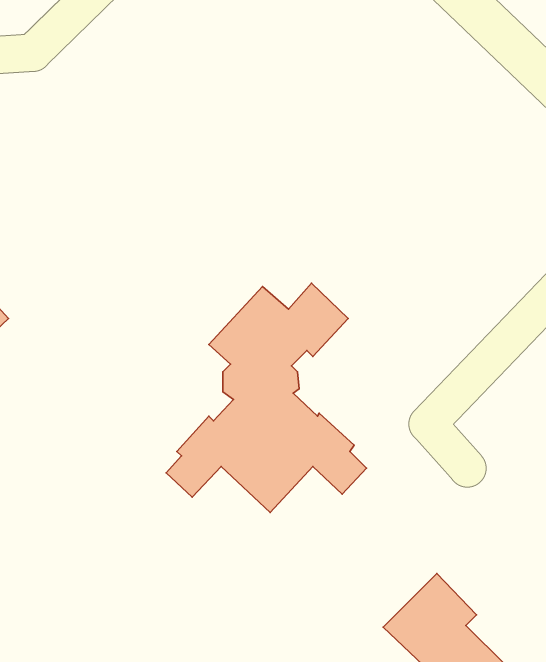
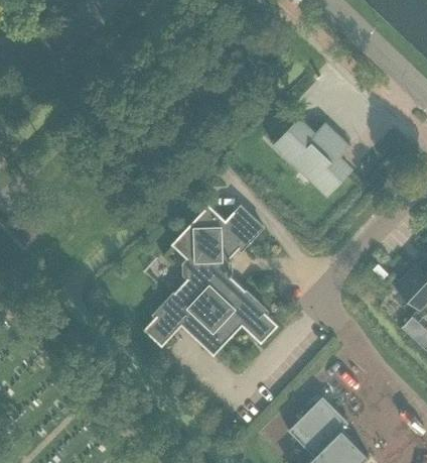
building: none -> [273,120,351,197]

